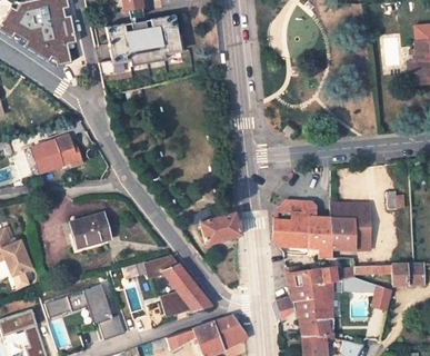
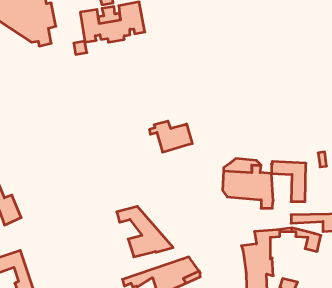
building: [31,136,82,174] -> none
building: [189,208,240,245] -> [149,121,192,152]
building: [71,212,111,245] -> none
building: [330,217,354,250] -> none
building: [276,268,337,319] -> none
building: [47,285,127,340] -> none

